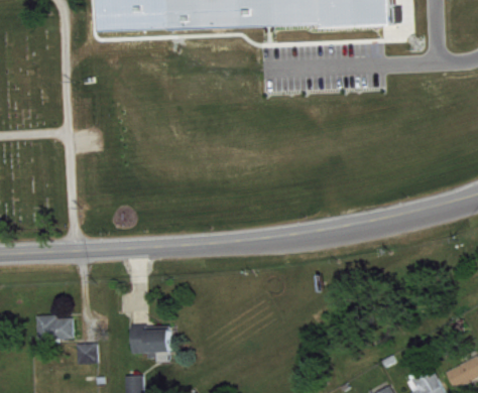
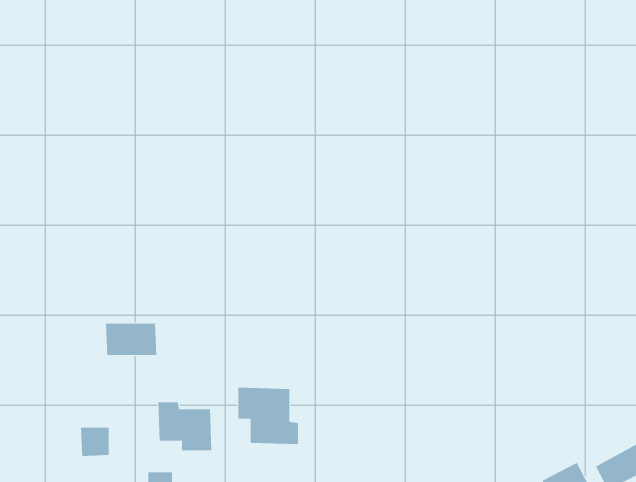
building: none -> [238,387,299,445]
building: [33,316,71,340] -> [105,323,157,355]

